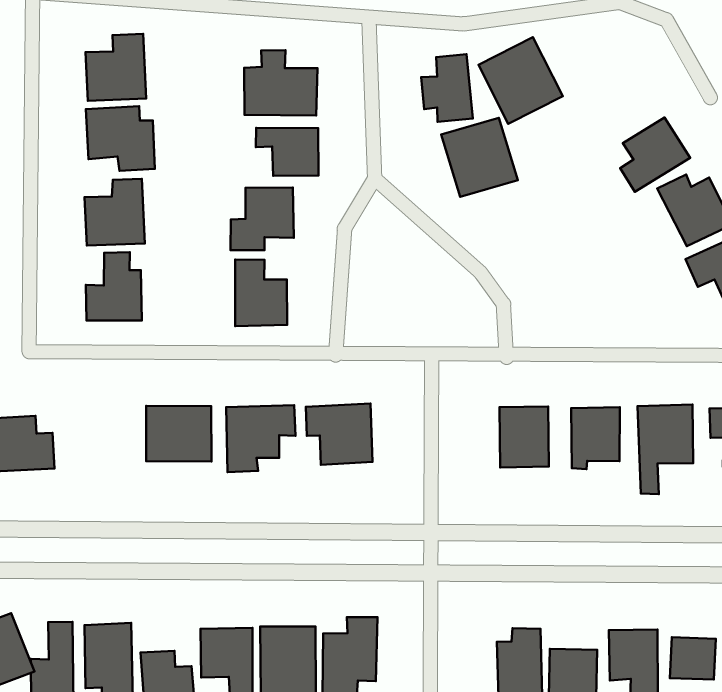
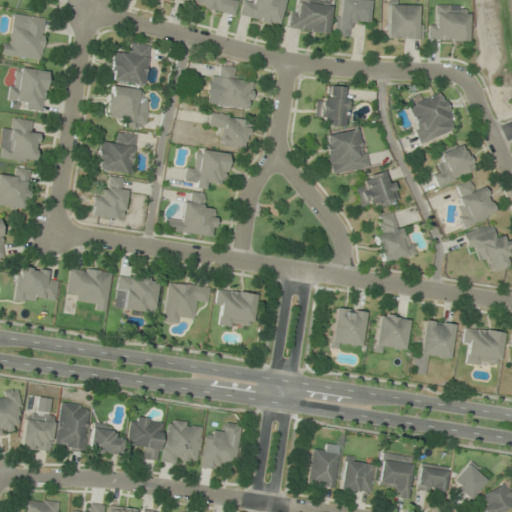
building: [478,37,563,124] -> [409,92,458,143]
building: none -> [355,172,399,212]
building: none -> [377,211,412,265]
building: none -> [68,267,113,311]

